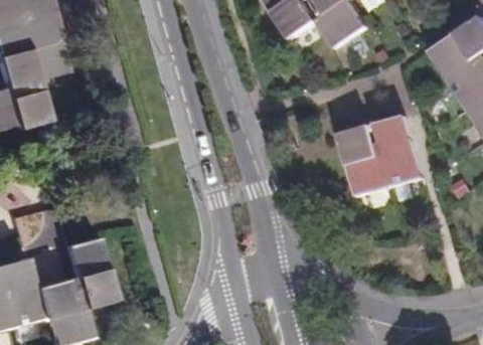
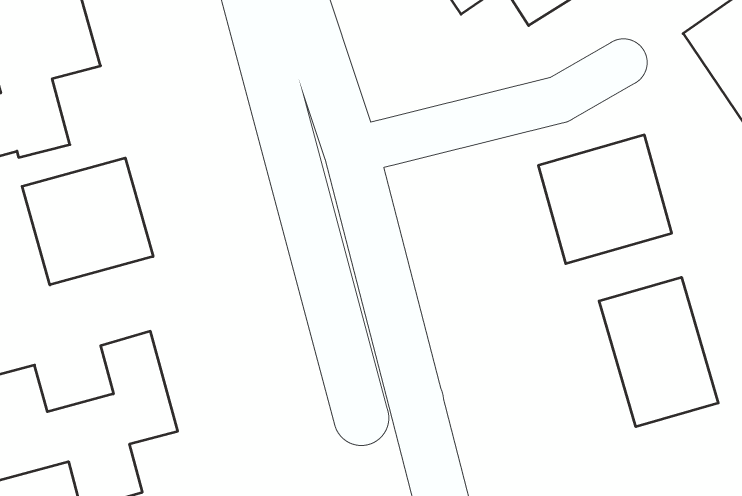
building: none -> [22,158,153,285]
building: none -> [599,277,718,427]

